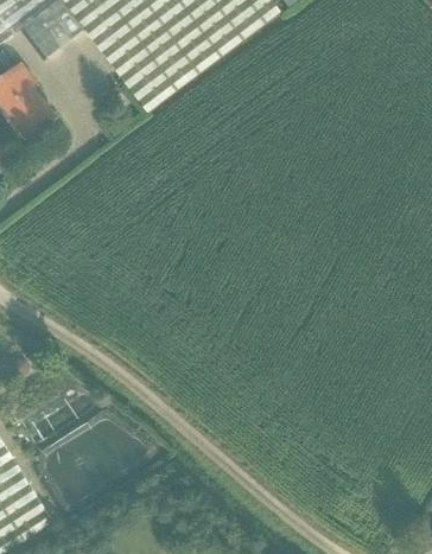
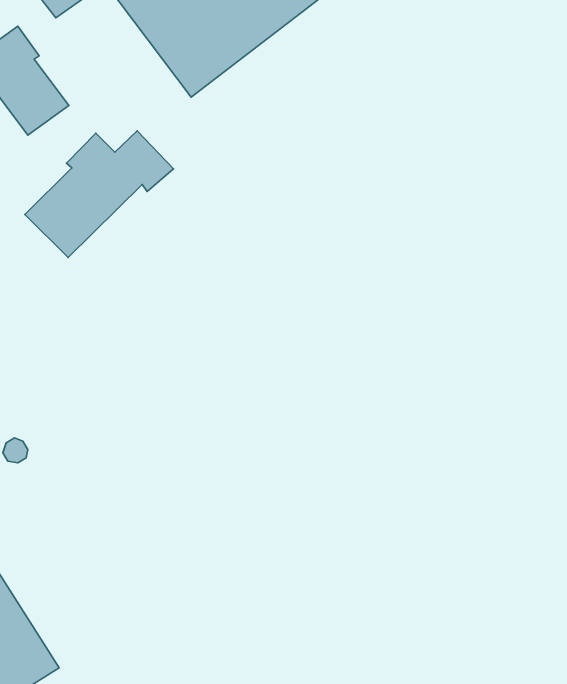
building: none -> [25,131,174,258]

